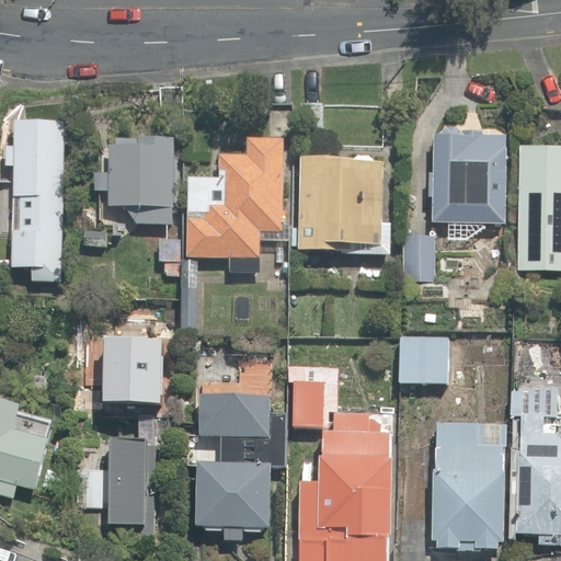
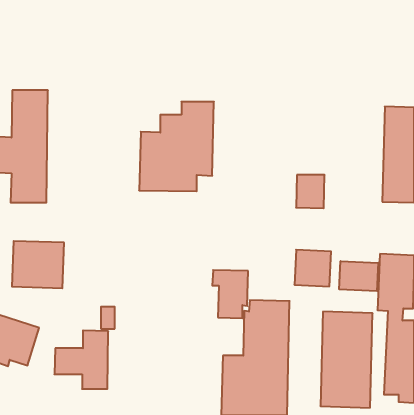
building: [430,118,510,244] -> none
building: [96,136,180,222] -> none
building: [291,153,391,259] -> none
building: [103,345,173,409] -> [12,241,64,288]
building: none -> [339,261,378,291]
building: [194,394,285,542] -> none

